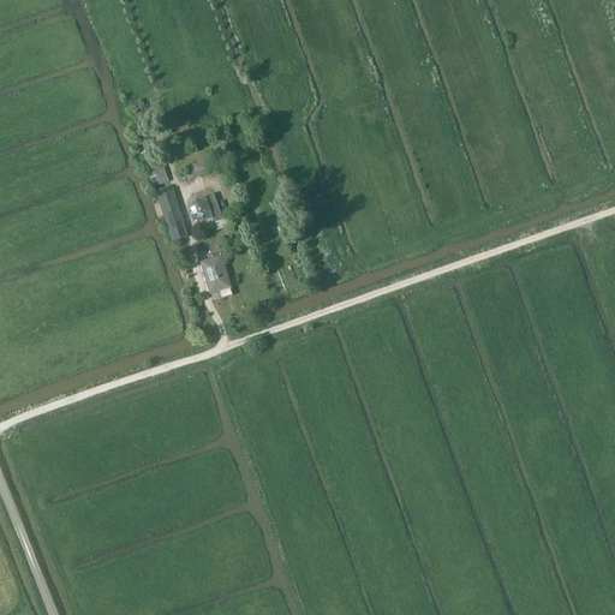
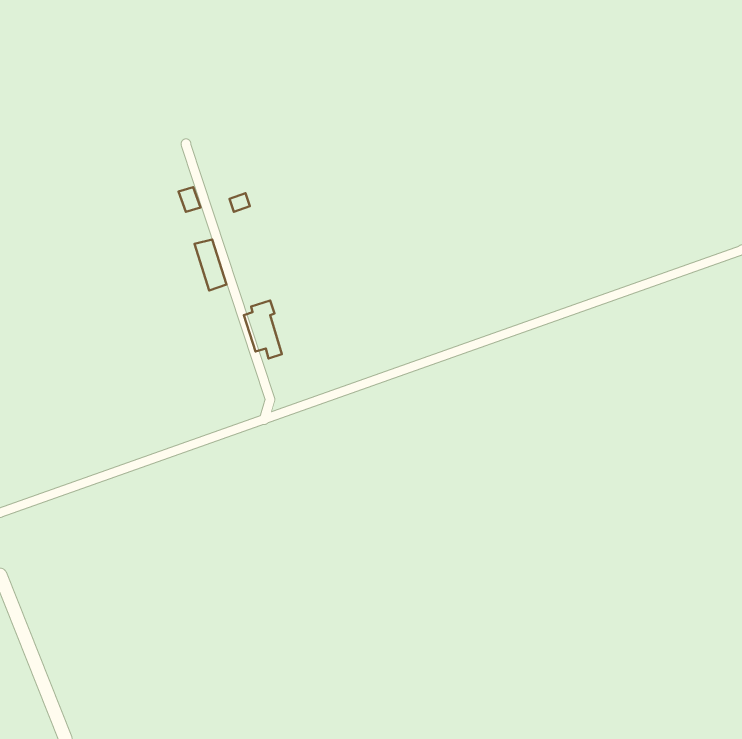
building: [189,192,221,220] -> none

